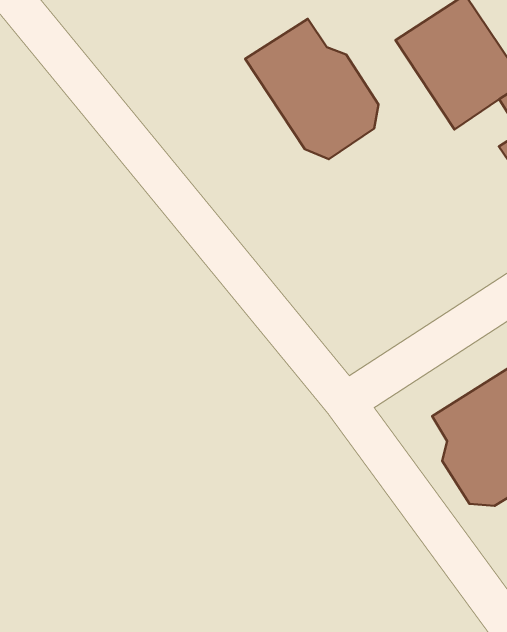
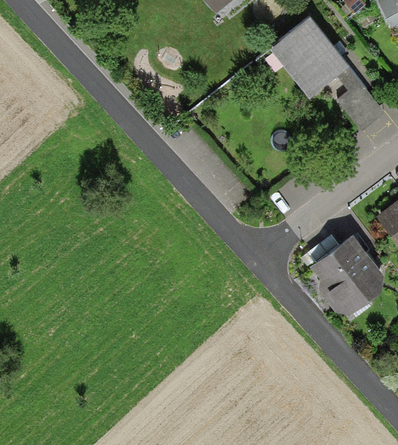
building: [245,19,379,159] -> none

